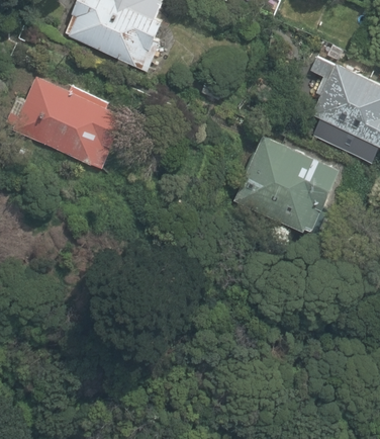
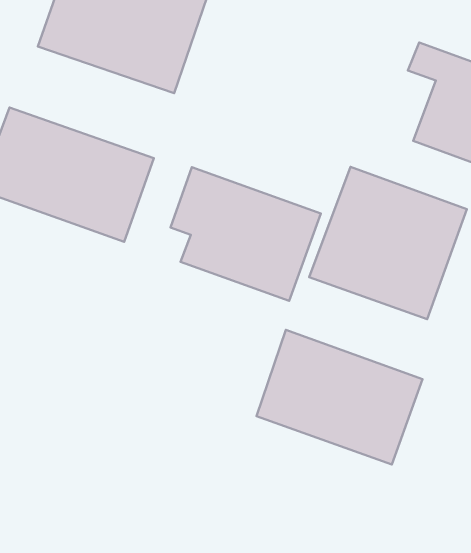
building: none -> [170,167,321,301]
building: none -> [256,330,423,465]

